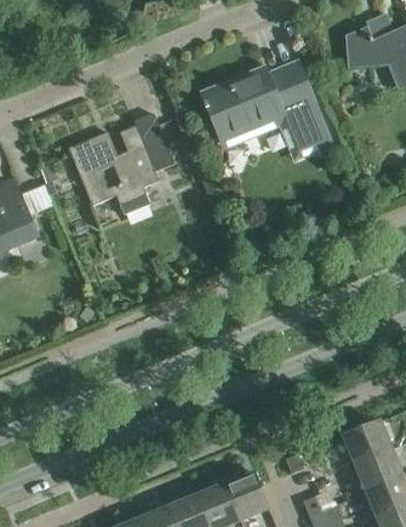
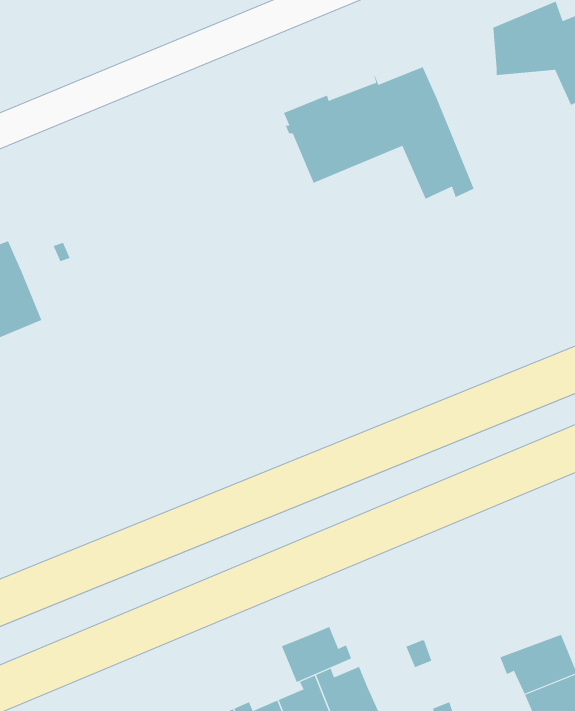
building: [68,113,173,214] -> none
building: [343,420,391,465] -> none
building: none -> [281,626,352,683]

